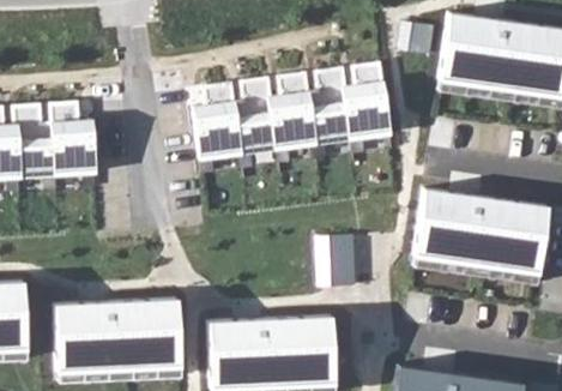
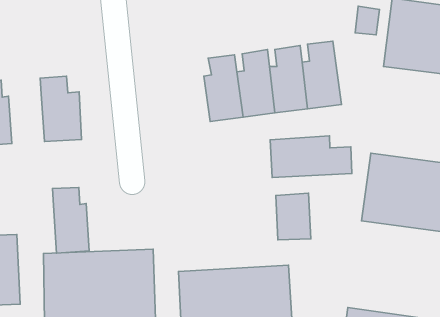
building: [194,82,243,158] -> none
building: [13,103,55,178] -> [52,188,89,253]
building: none -> [270,136,352,177]

